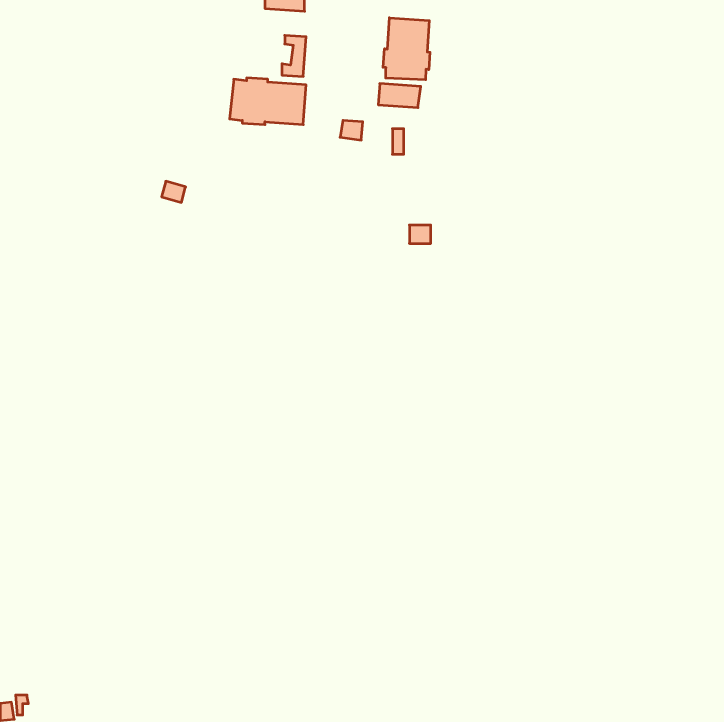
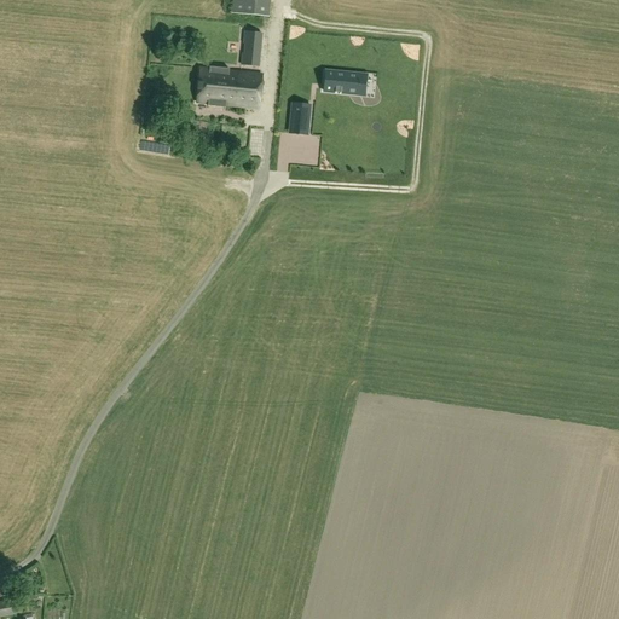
building: [383,18,430,80] -> none

